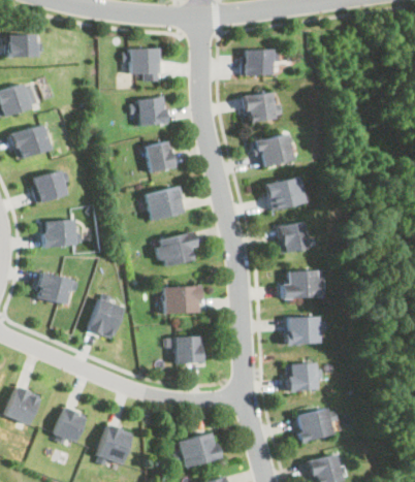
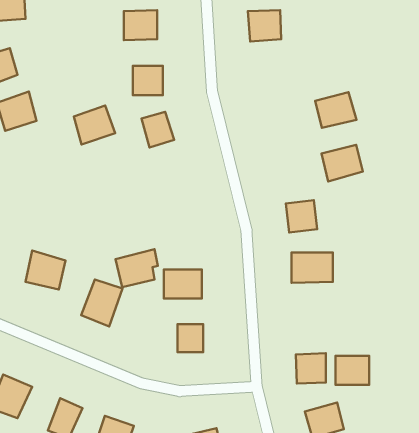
building: [246,94,274,122] -> none
building: [255,134,293,167] -> [315,92,356,128]
building: [28,166,66,202] -> [74,105,115,144]
building: [265,178,304,212] -> [321,145,363,182]
building: [147,188,183,220] -> none
building: [39,219,73,247] -> none
building: [158,232,197,267] -> [115,249,158,287]
building: [287,318,318,345] -> [336,356,369,385]

